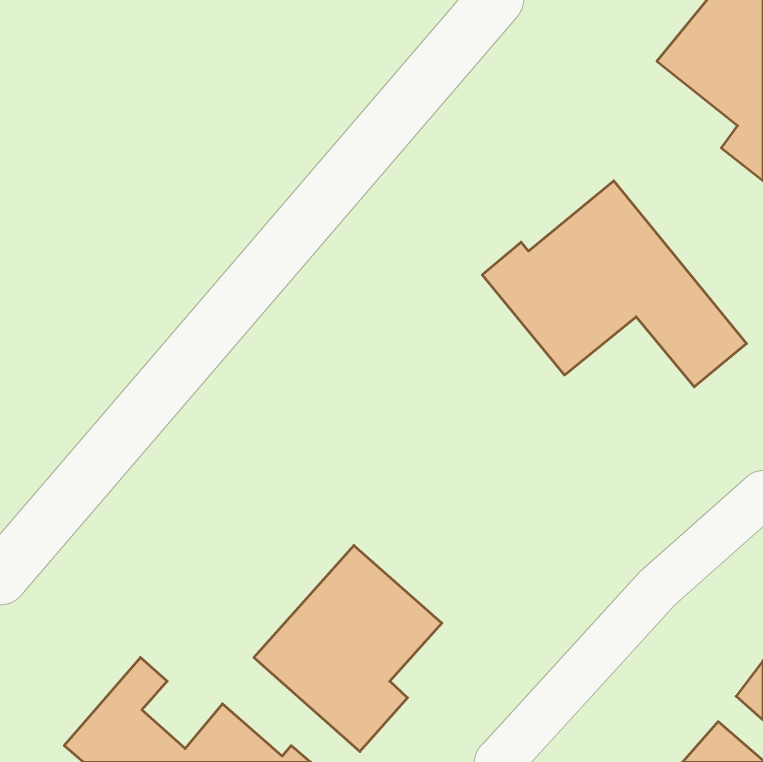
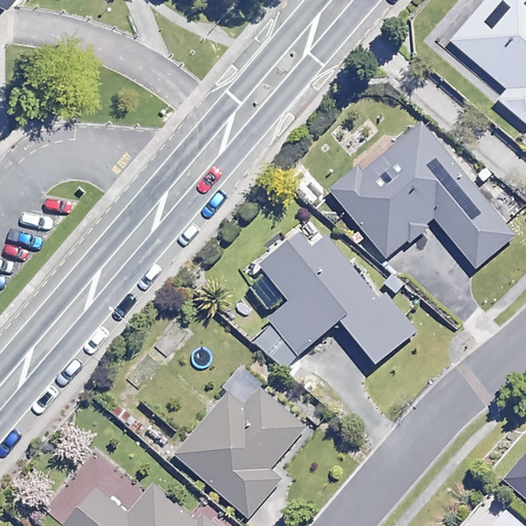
building: none -> [247,231,415,362]

